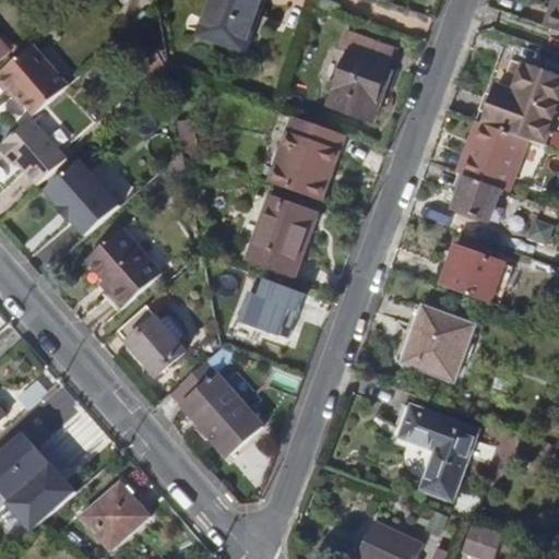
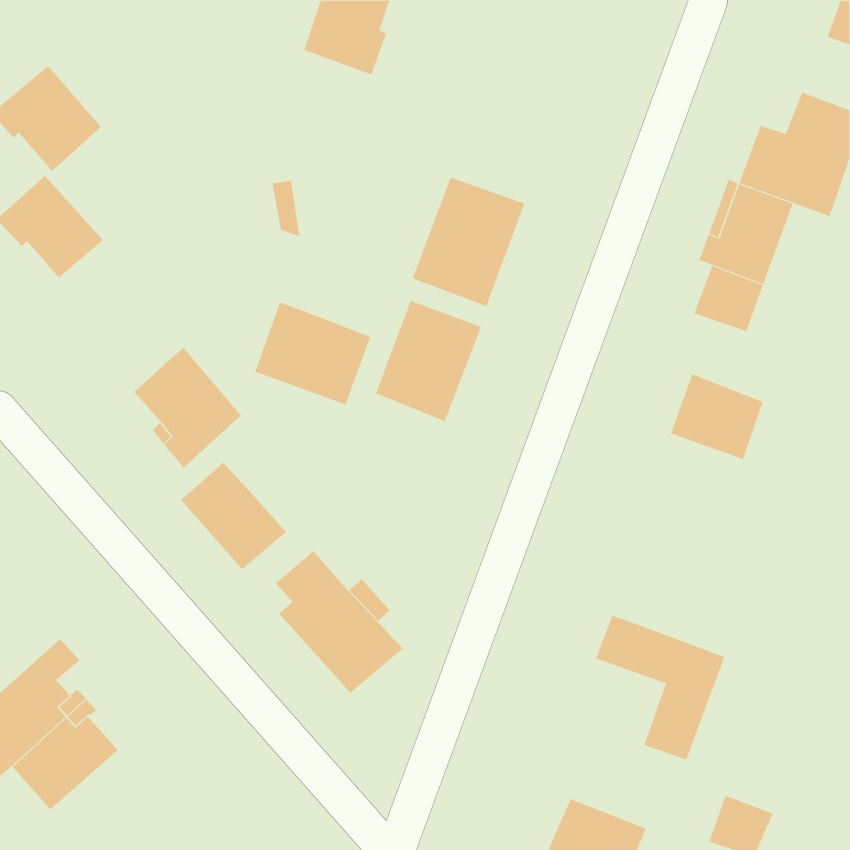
building: [325,26,395,120] -> none
building: [45,159,120,236] -> none
building: [227,272,304,340] -> [254,302,371,405]
building: [401,304,474,379] -> none
building: [83,484,150,549] -> none

